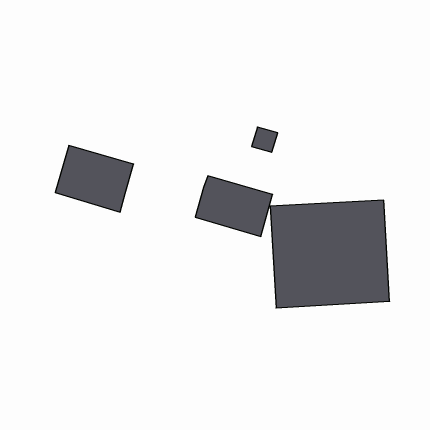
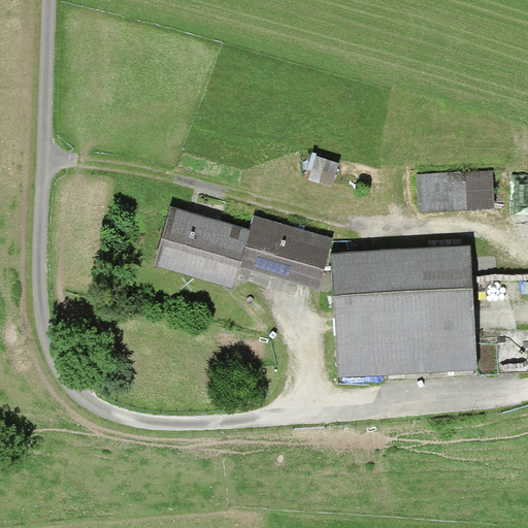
building: none -> [417,170,494,212]
building: [55,146,134,212] -> [154,207,250,289]

